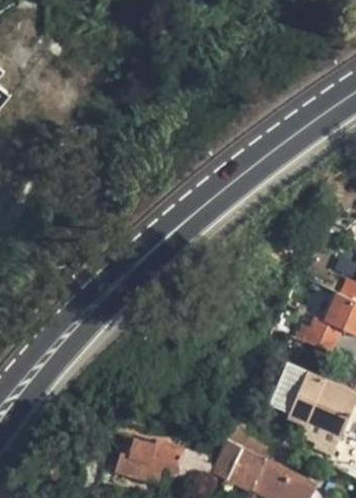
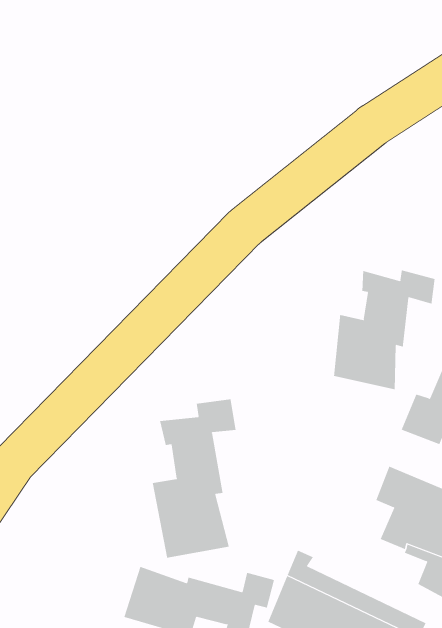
building: none -> [333,270,435,390]
building: none -> [152,399,236,558]

